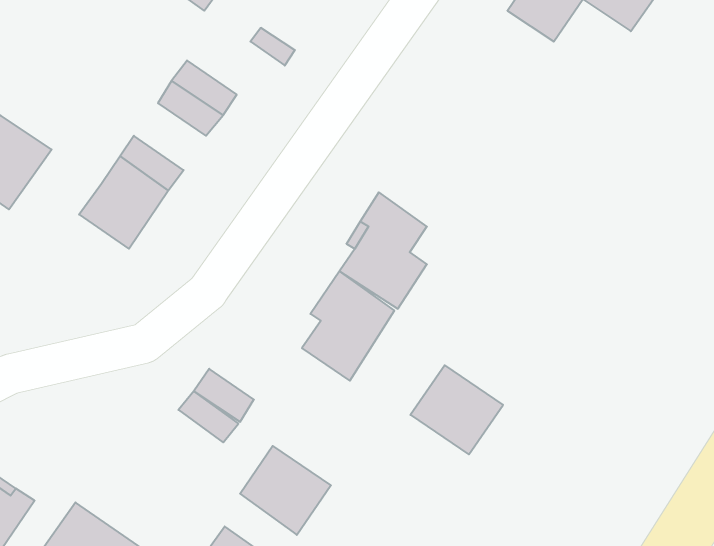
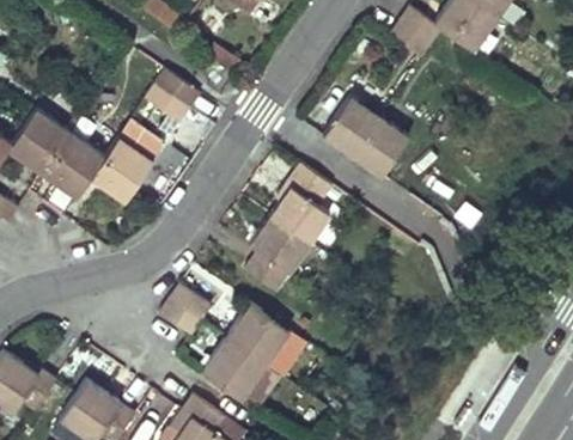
building: none -> [323,93,412,177]
building: none -> [41,133,105,198]
building: [410,365,503,454] -> [225,305,289,367]

